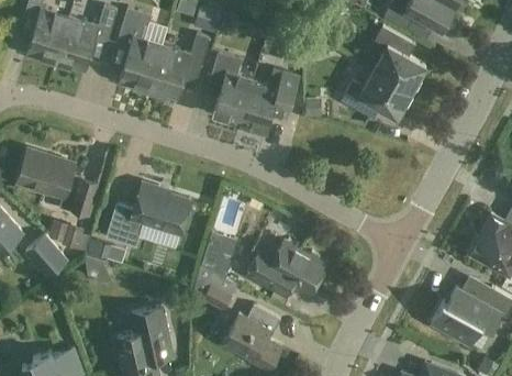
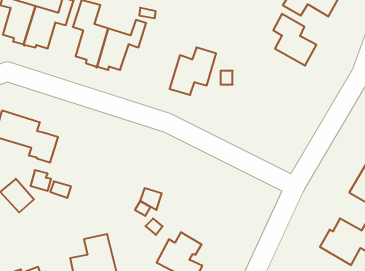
building: [210,52,253,122] -> none
building: [341,70,412,118] -> none
building: [105,183,191,243] -> none
building: [246,241,326,294] -> none

